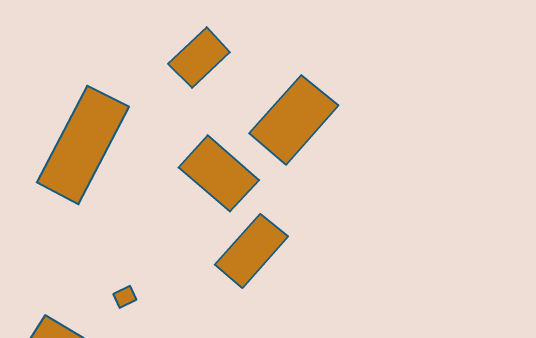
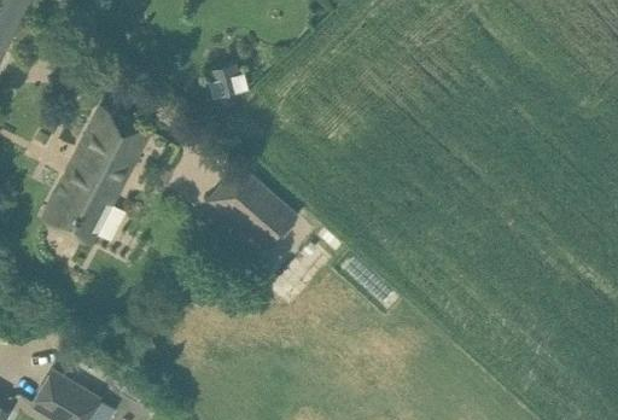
building: [249,75,338,165] -> none
building: [215,214,288,288] -> none

